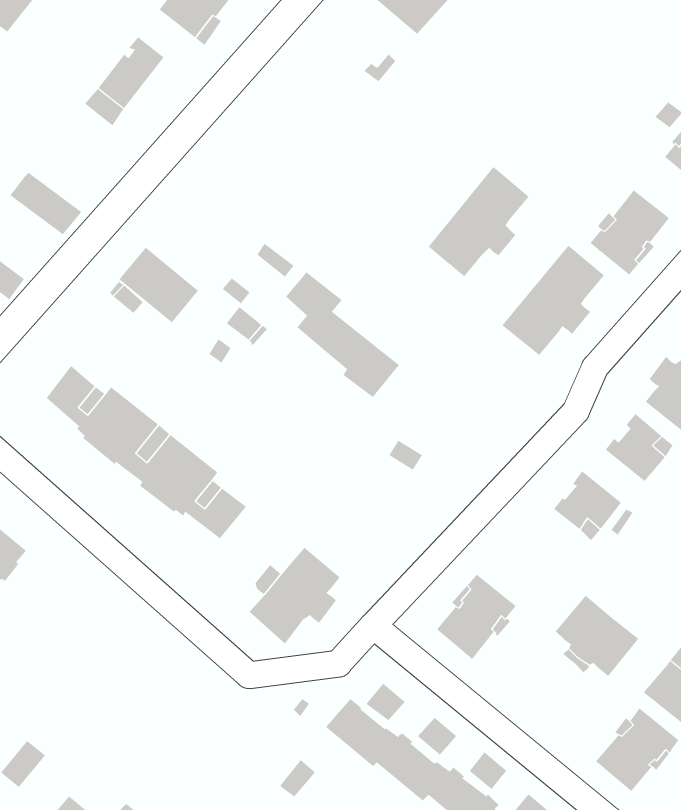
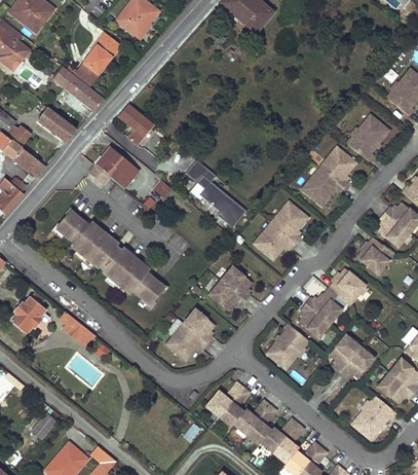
building: none -> [47,67,104,110]
building: [428,166,529,277] -> [254,200,308,260]
building: none -> [118,104,153,144]
building: none -> [208,266,252,310]
building: none -> [299,293,342,338]
building: none -> [60,312,96,346]

